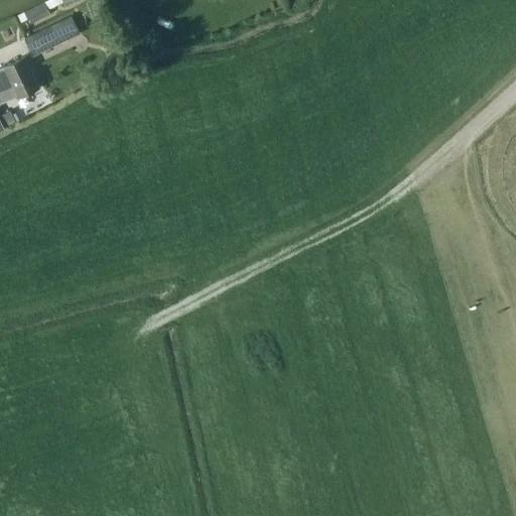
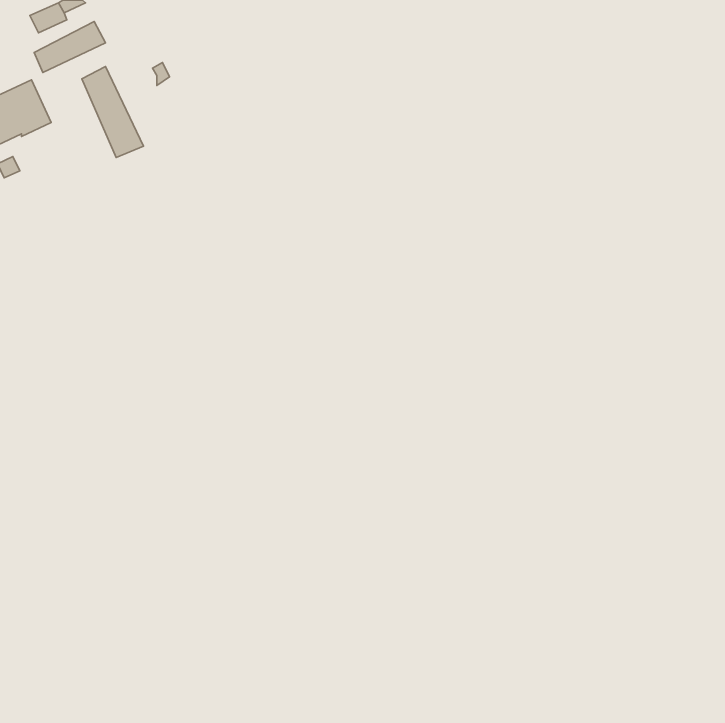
building: none -> [82,67,143,158]

